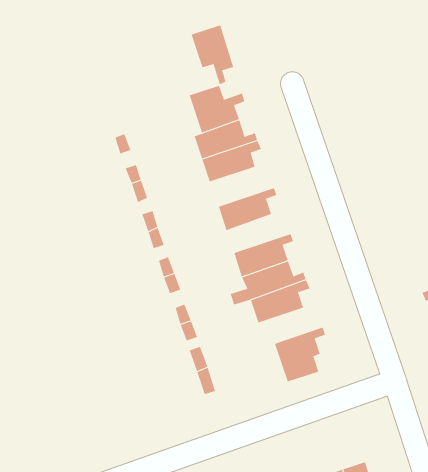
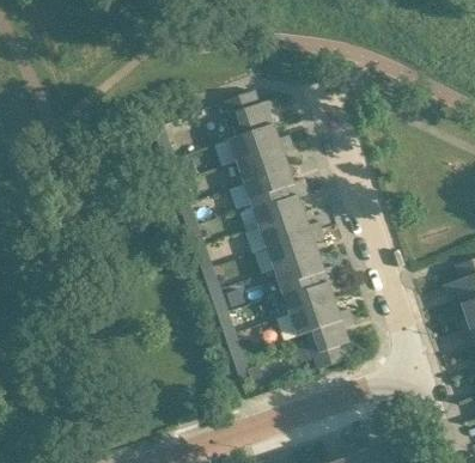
building: [191,24,234,85] -> none
building: none -> [244,170,305,207]
building: none -> [260,214,321,250]
building: none -> [290,301,351,339]

